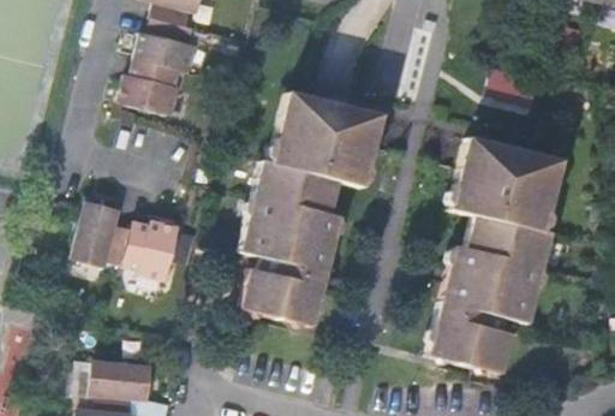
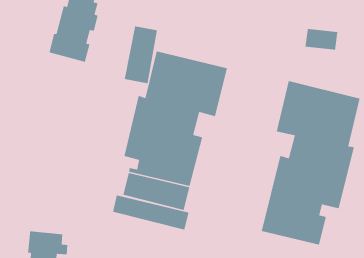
building: none -> [124,25,158,84]
building: [72,201,178,279] -> none
building: none -> [112,194,189,230]

